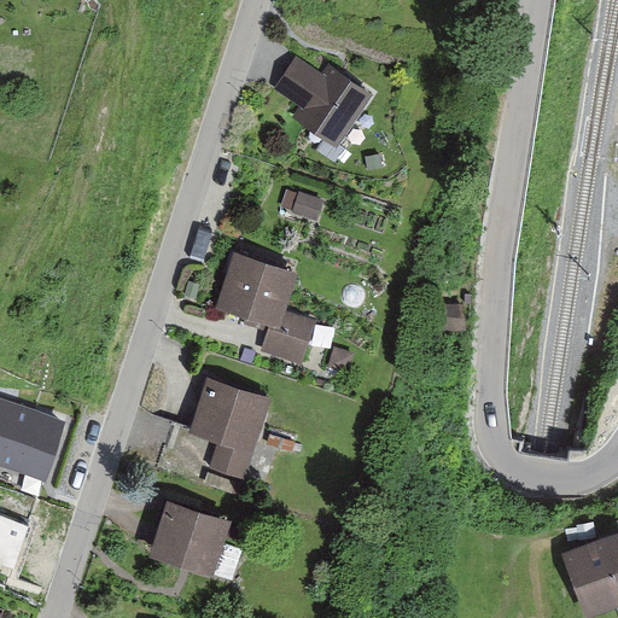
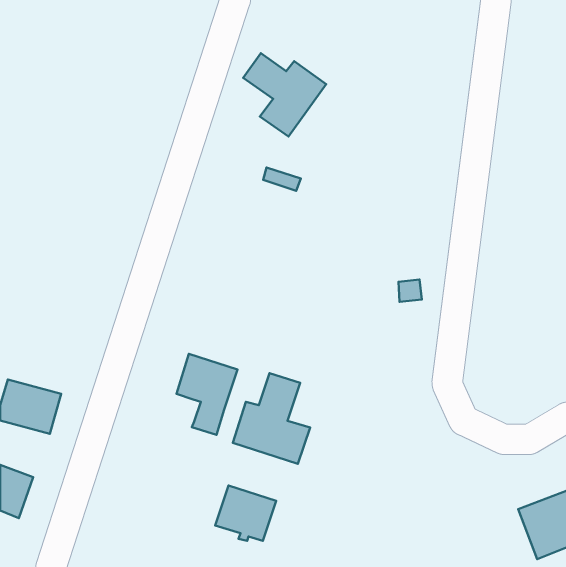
building: [220,260,310,360] -> none
building: none -> [233,373,310,464]
building: [153,507,220,567] -> [215,485,276,541]

